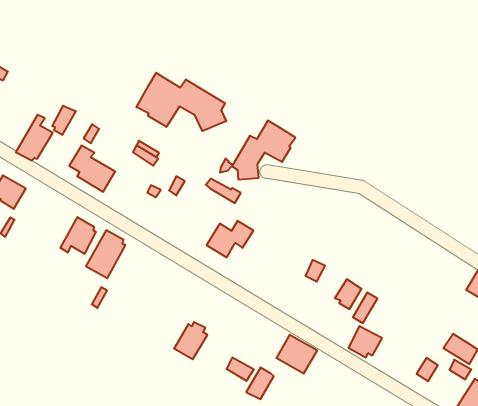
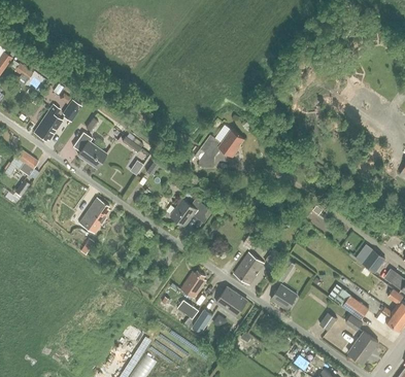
building: [136,73,226,131] -> none
building: [60,217,96,254] -> none
building: none -> [234,253,263,281]
building: [174,322,207,359] -> [179,270,205,298]

